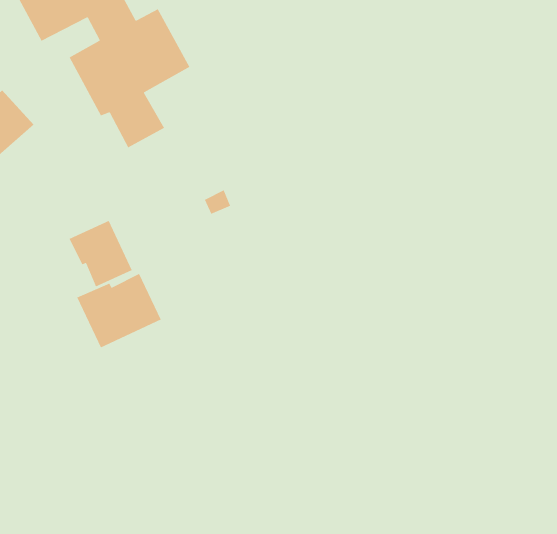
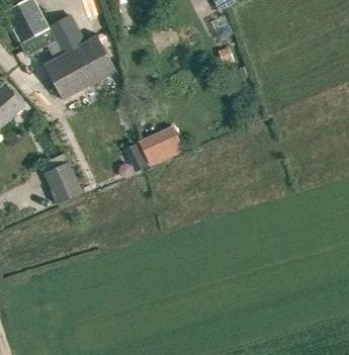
building: none -> [139,126,182,165]
building: [76,273,162,348] -> none

